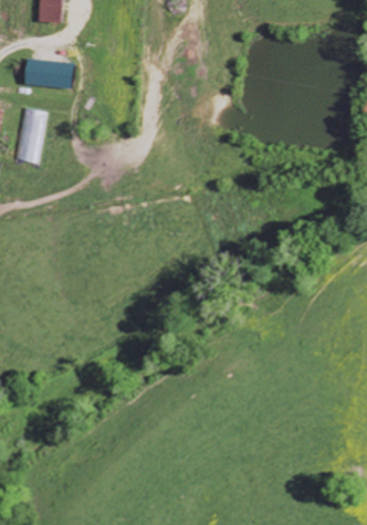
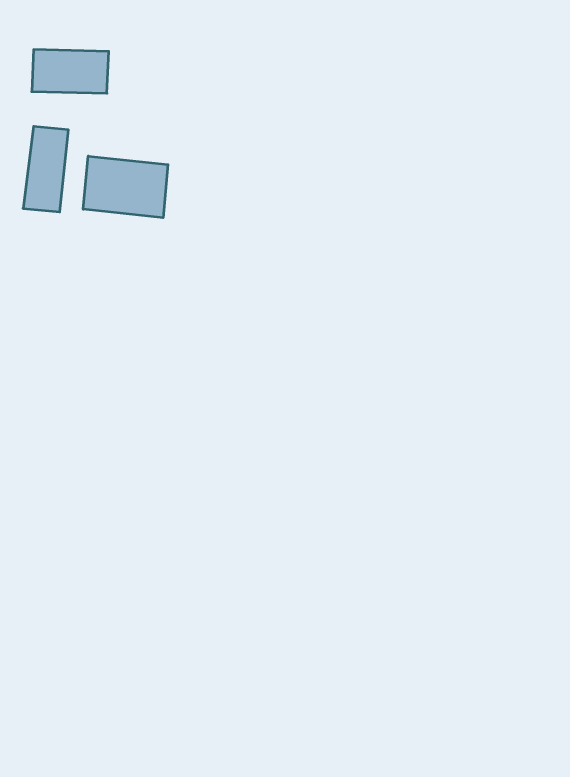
building: none -> [83,156,168,218]

